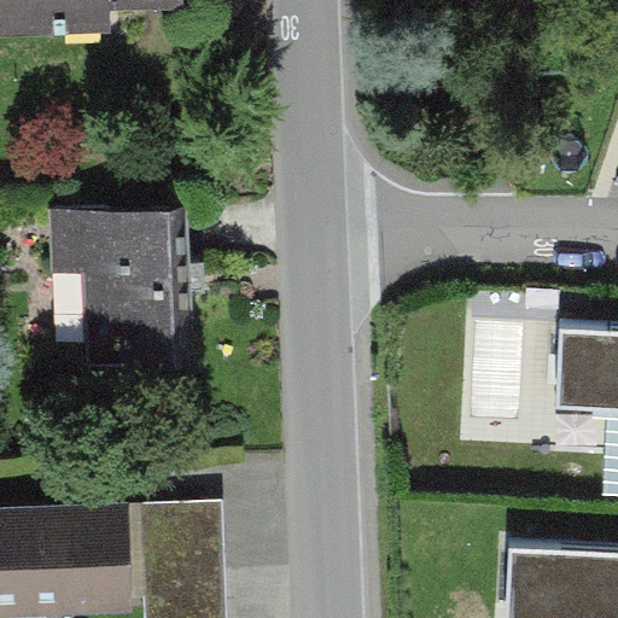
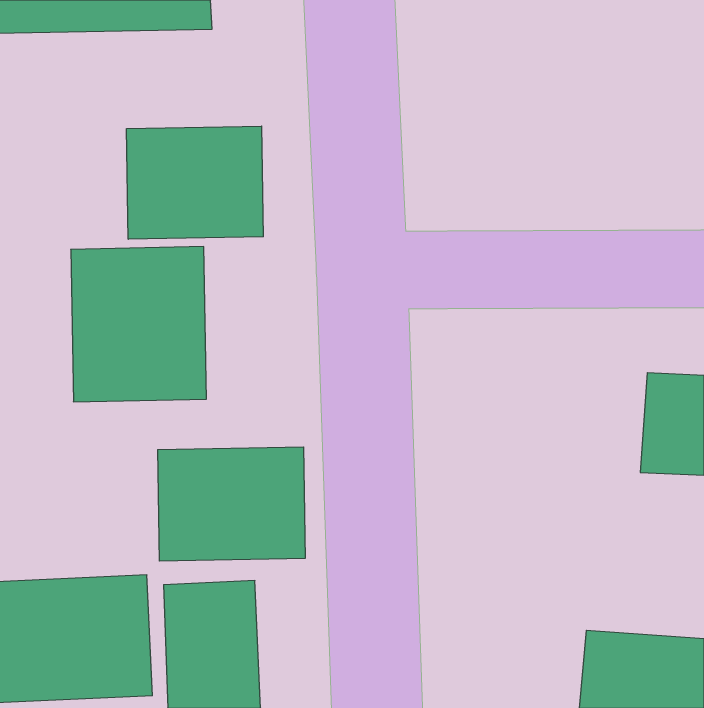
building: none -> [127,126,263,239]
building: none -> [158,447,305,561]

